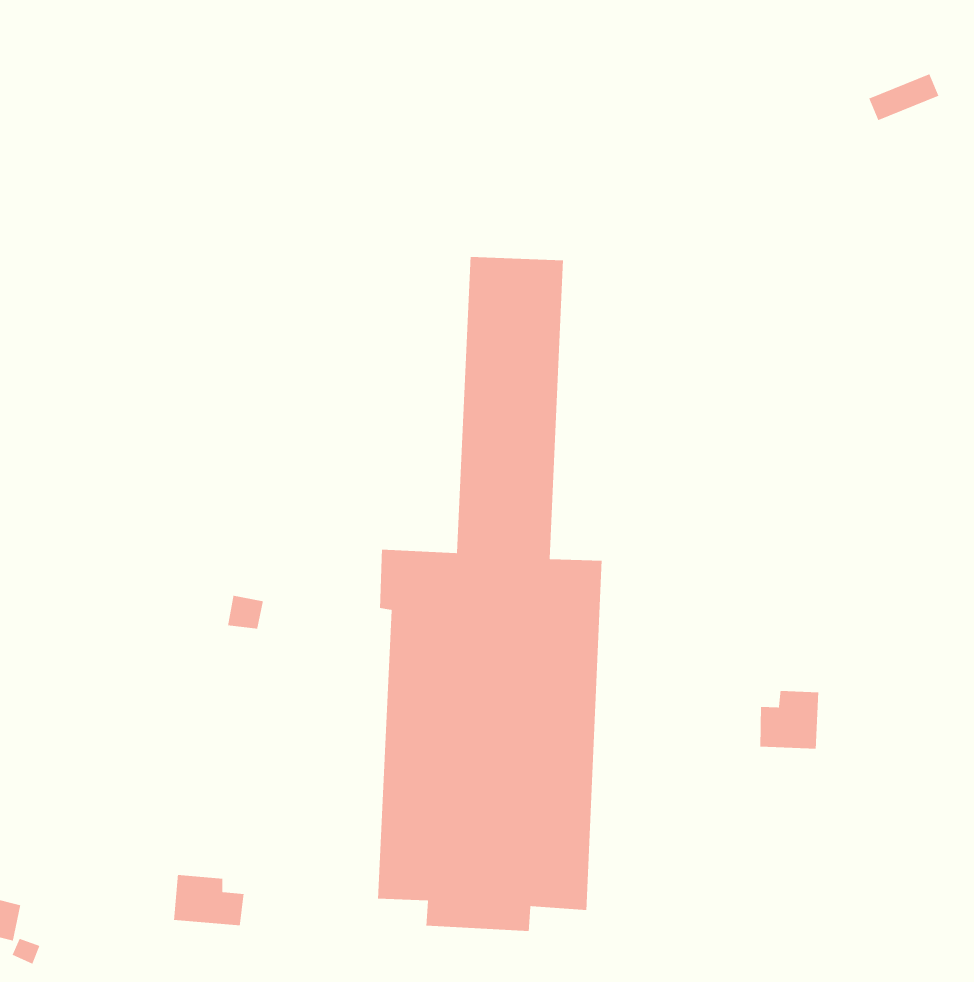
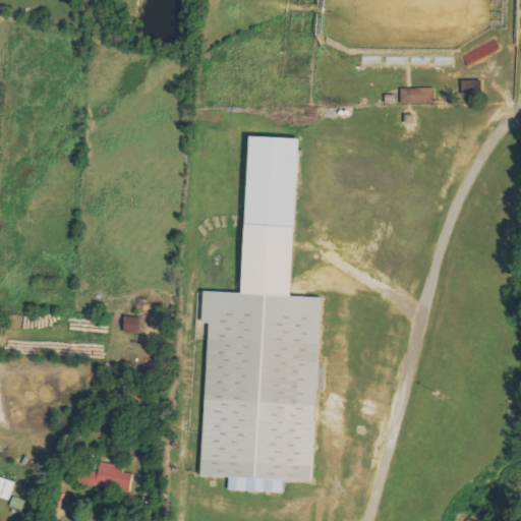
building: none -> [397,86,431,103]
building: [759,690,819,750] -> none

